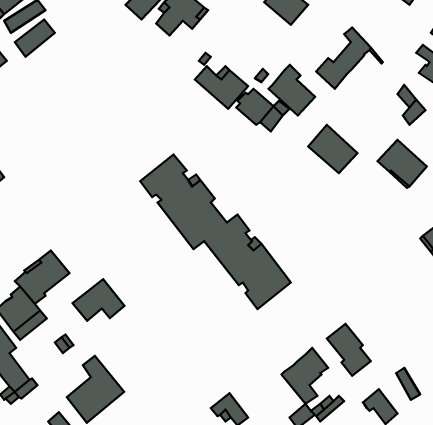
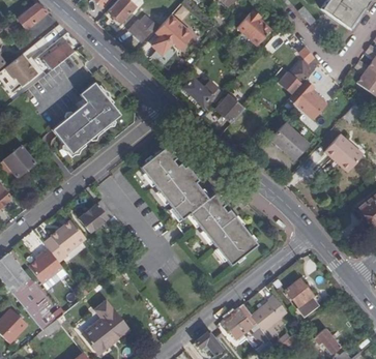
building: [268,65,315,116] -> [289,79,325,118]
building: none -> [53,82,121,153]
building: [72,279,124,321] -> [79,199,119,231]
building: none -> [223,303,253,338]

